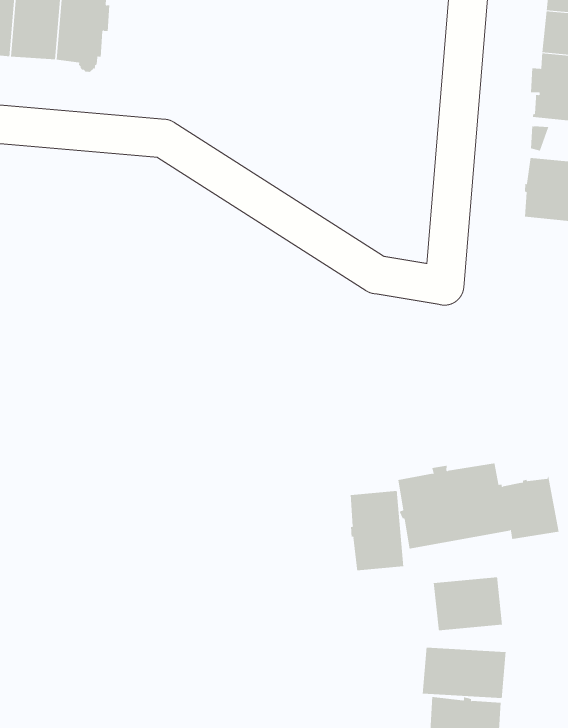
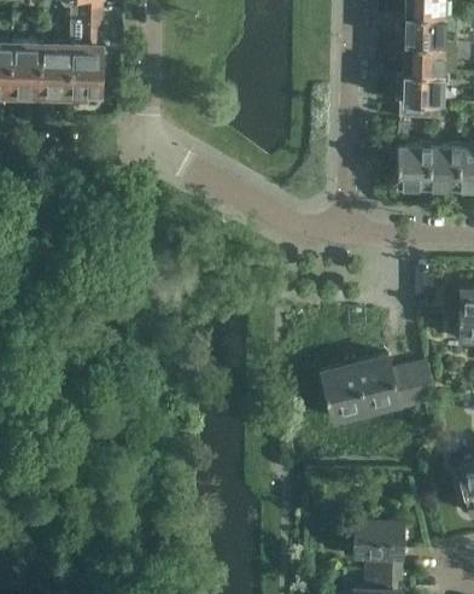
building: [350,490,404,571] -> none
building: [433,577,503,631] -> none
building: [422,647,506,699] -> none

